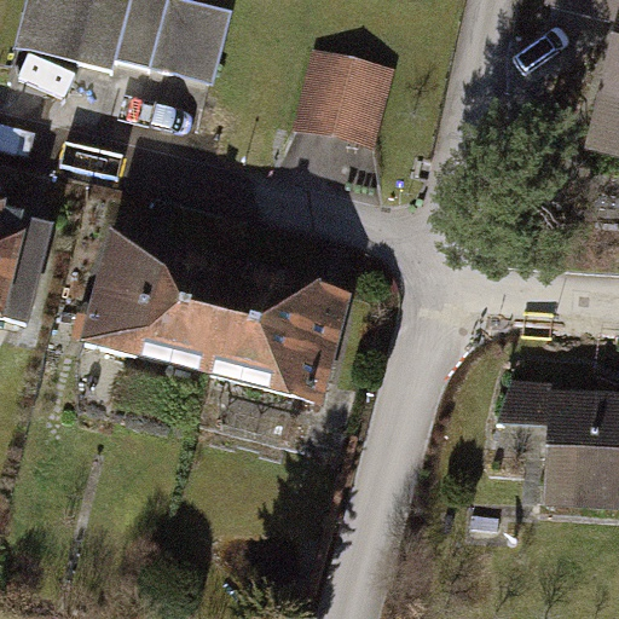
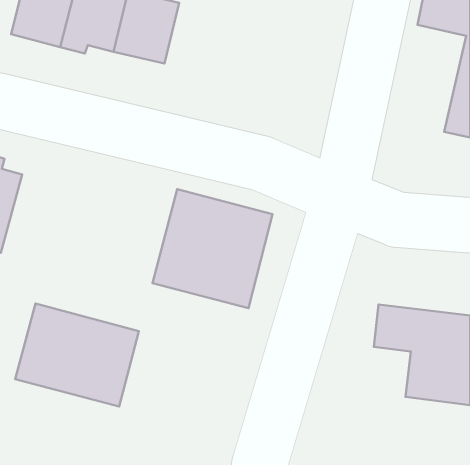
building: [295,42,394,146] -> none
building: [85,218,232,371] -> none
building: none -> [15,304,139,406]

